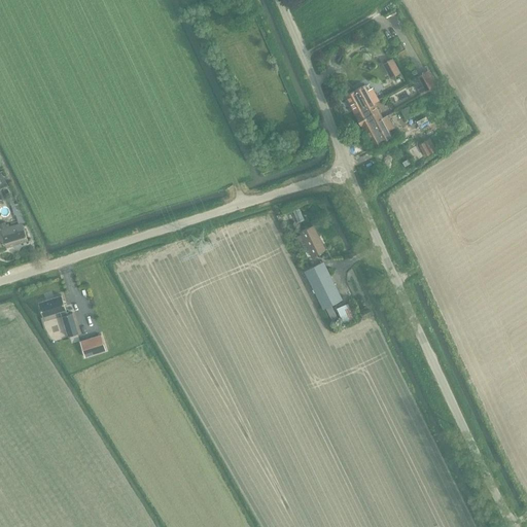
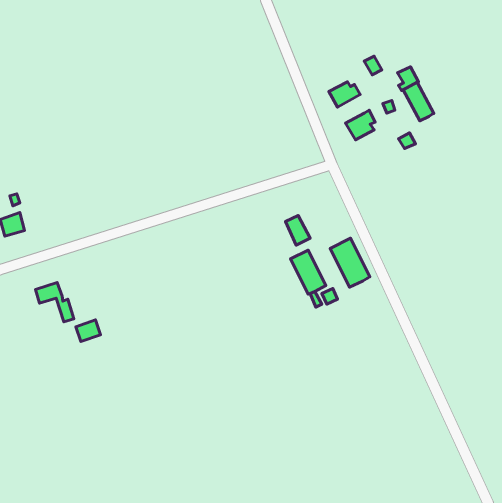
building: none -> [403,82,434,121]
building: [353,99,381,129] -> none
building: none -> [330,238,370,287]

